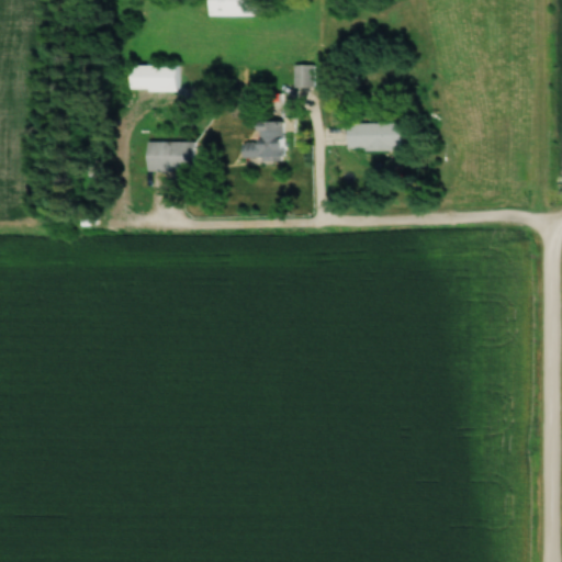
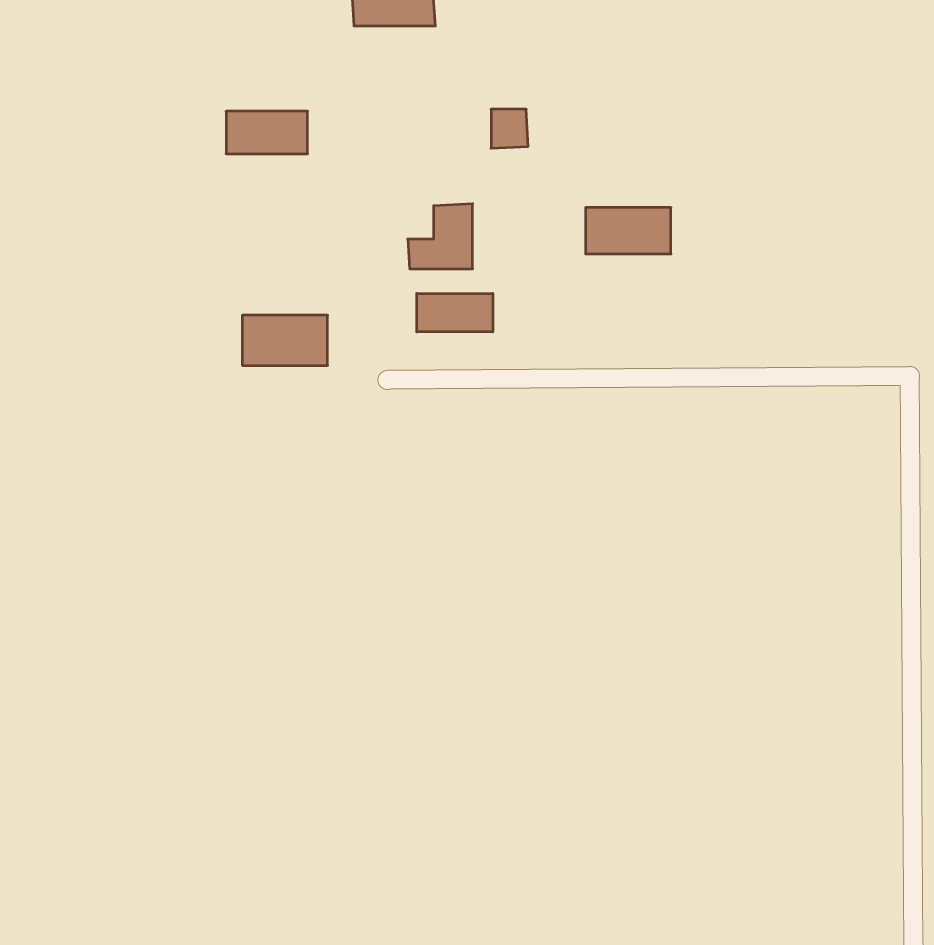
building: [147,142,198,171] -> [242,315,328,365]
building: none -> [417,293,493,332]

